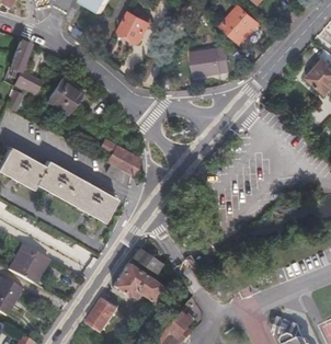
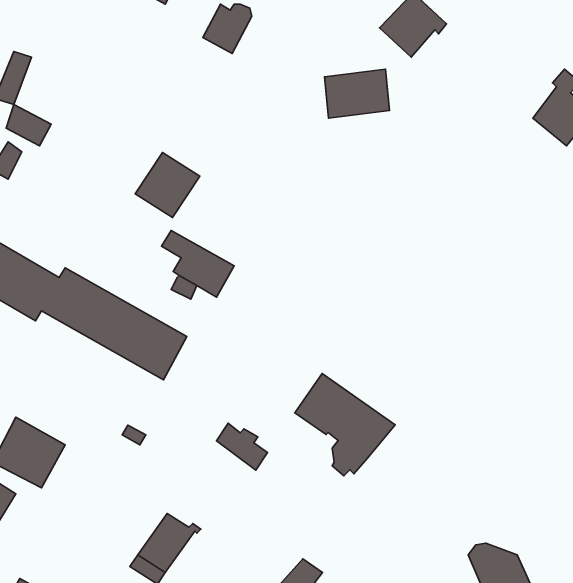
building: [44,79,80,115] -> [135,153,200,217]
building: [112,261,168,318] -> [295,374,395,476]

